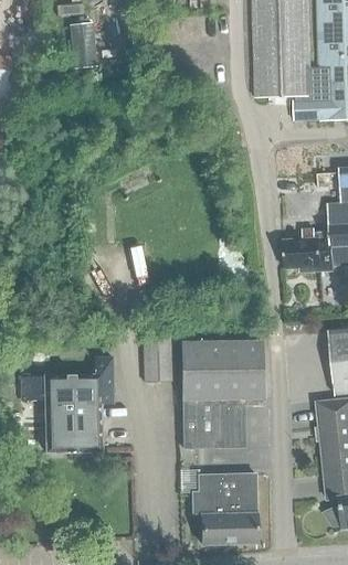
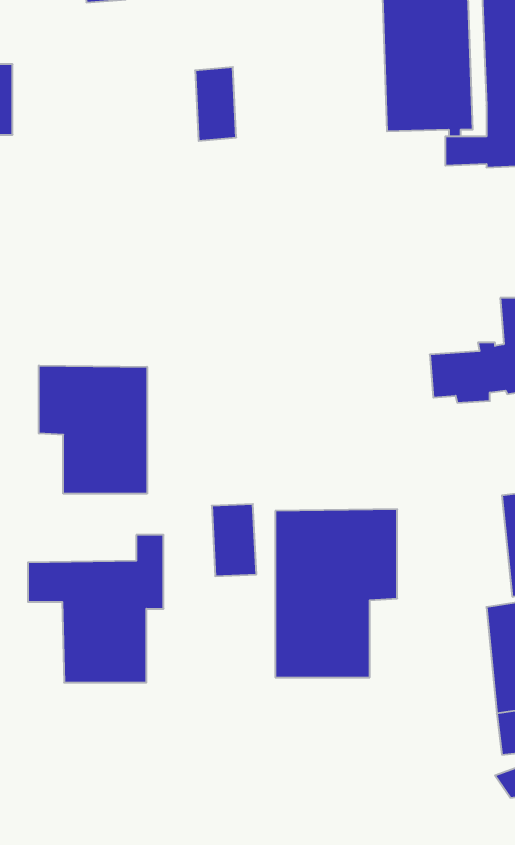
building: [72,20,98,67] -> [195,67,236,141]
building: none -> [39,365,147,494]
building: [191,475,256,544] -> none

